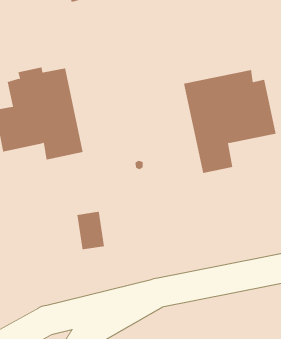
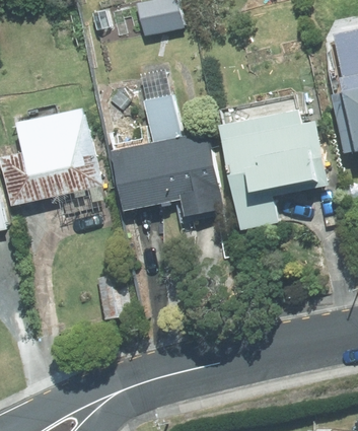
building: none -> [112,71,223,215]

